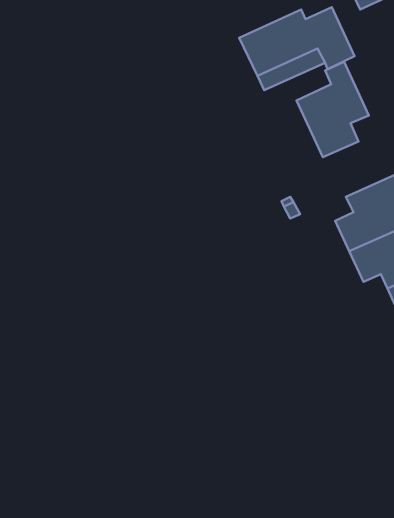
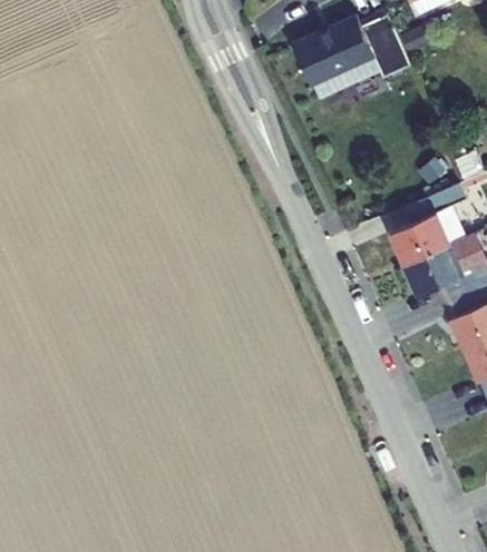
building: [297,62,369,157] -> none

